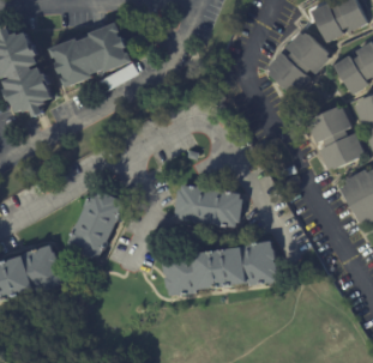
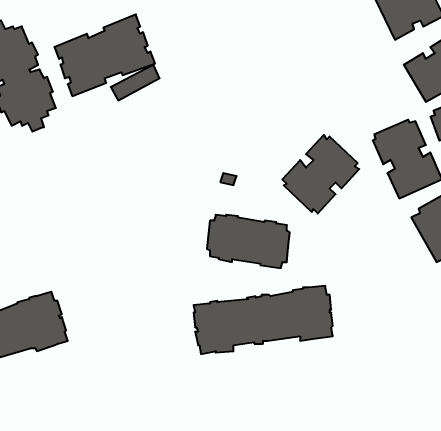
building: [266,29,329,92] -> [282,135,359,214]
building: [66,188,122,258] -> none

